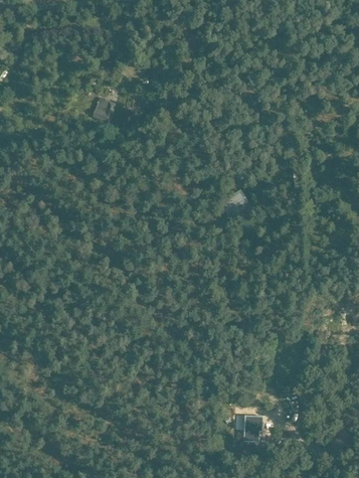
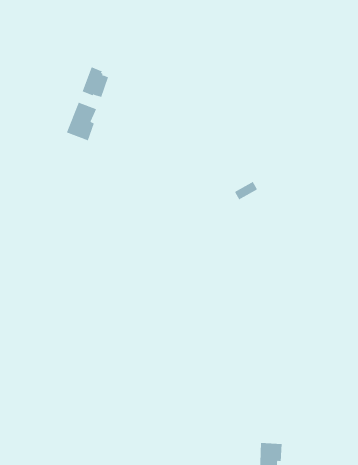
building: none -> [66,102,97,141]

